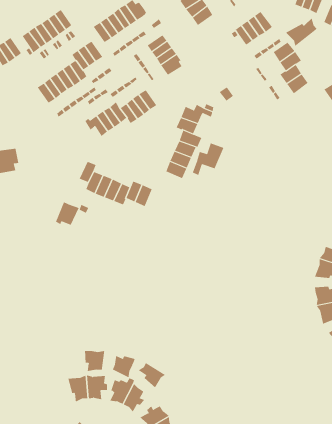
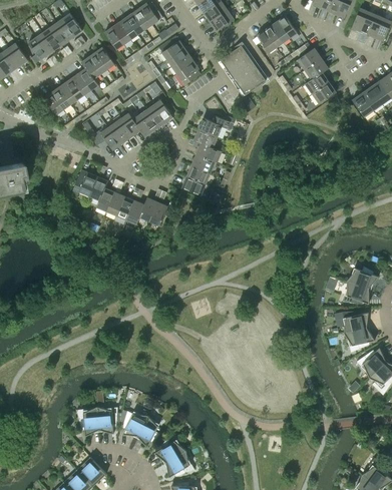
building: [285,18,318,47] -> none
building: none -> [221,45,266,95]
building: [192,143,224,176] -> none
building: [55,201,79,226] -> [72,169,98,195]
building: [85,350,105,372] -> none
building: [112,355,135,378] -> none
building: [138,362,166,388] -> none

